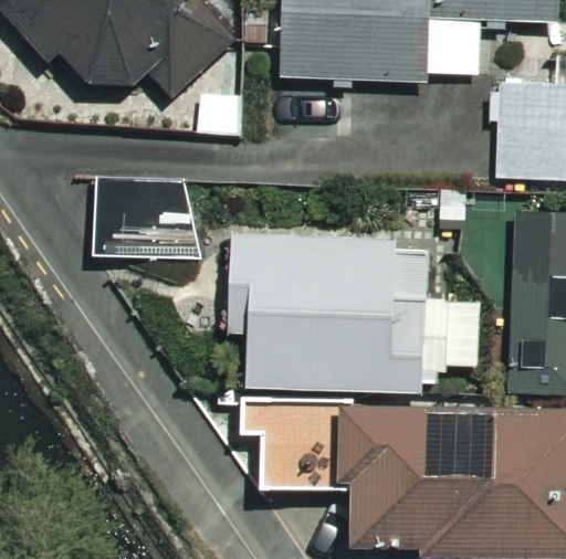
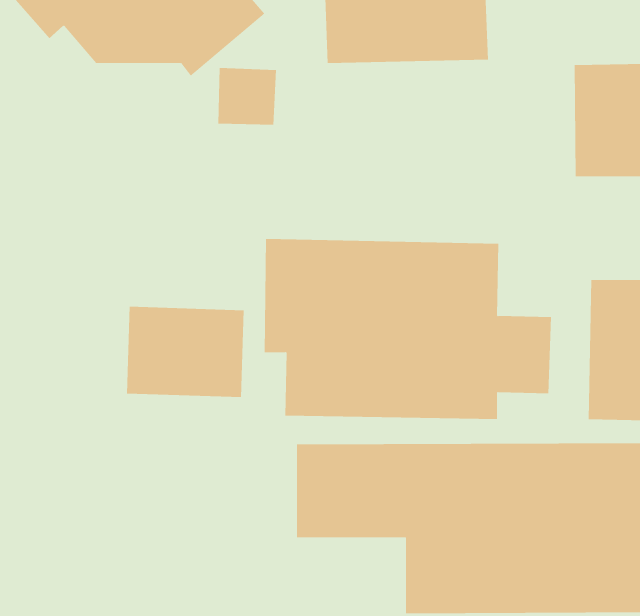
building: [93,182,195,261] -> [126,306,244,398]

